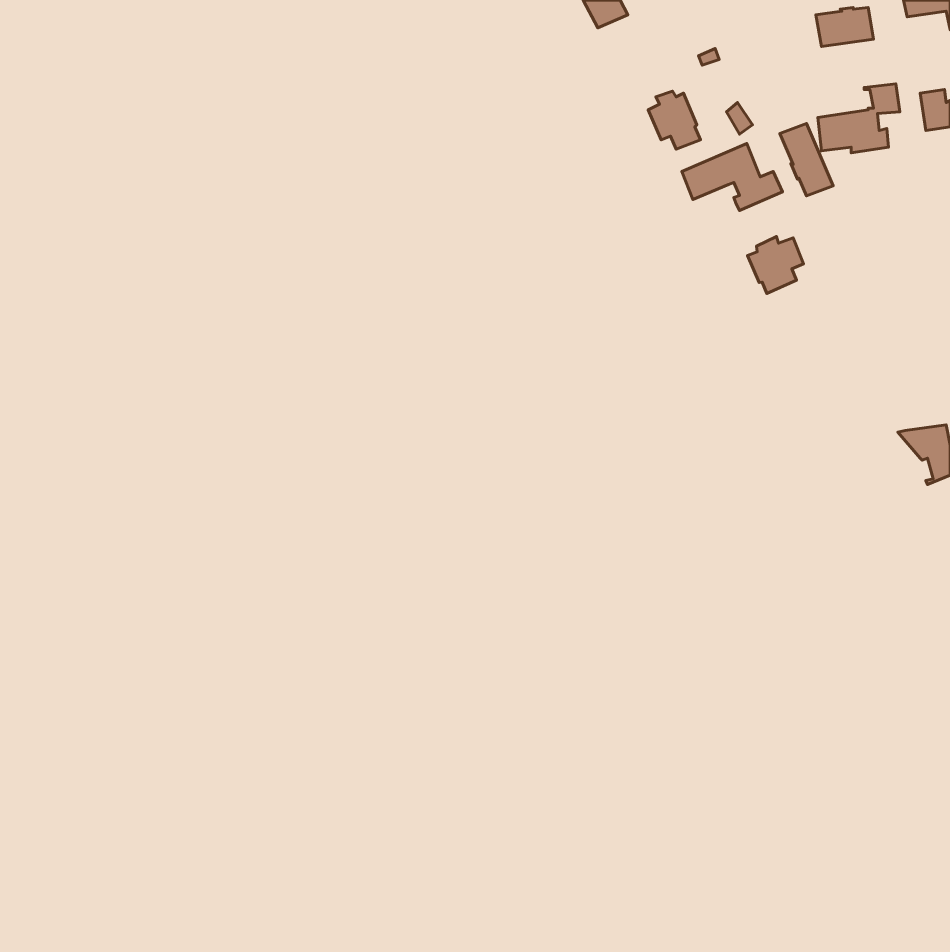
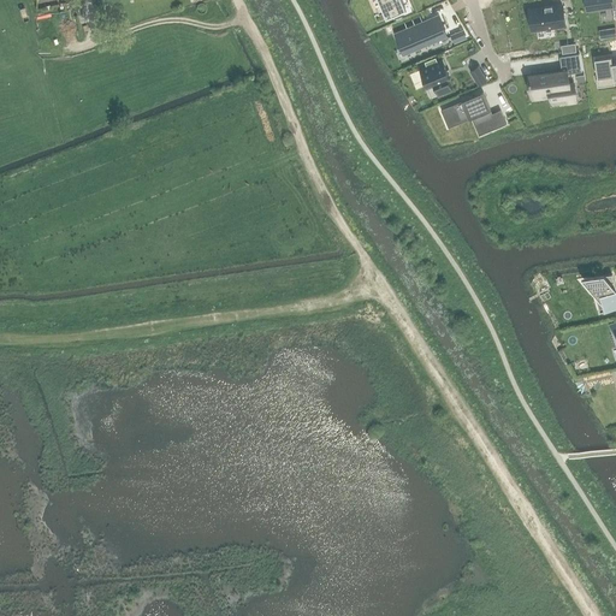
building: none -> [401,17,445,51]
building: [780,123,833,196] -> none
building: [747,236,803,294] -> none

